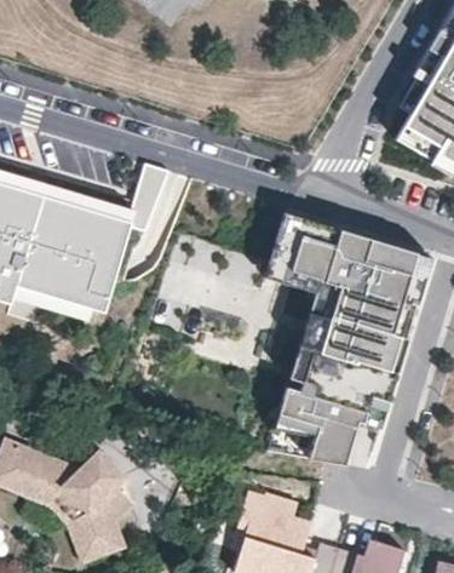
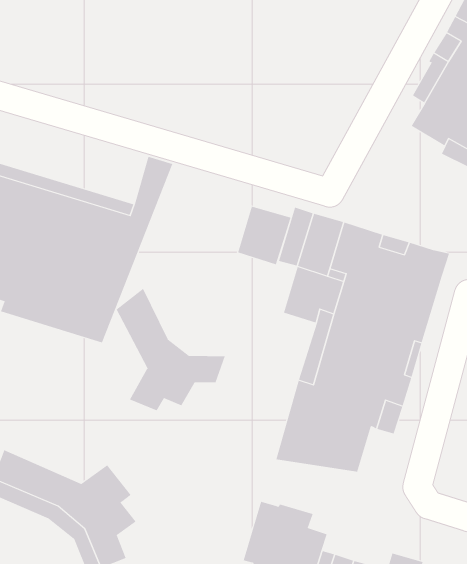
building: none -> [237,206,291,265]
building: none -> [116,288,225,411]

